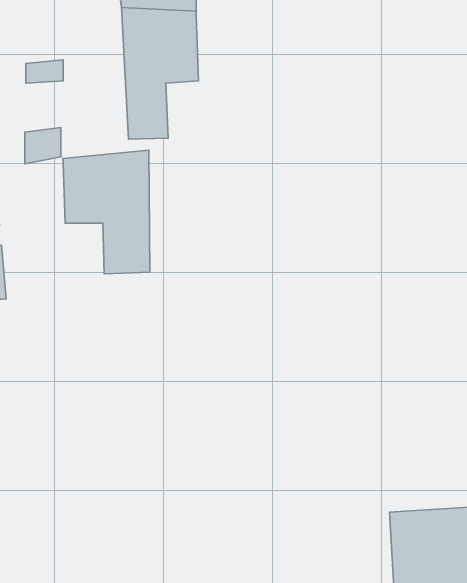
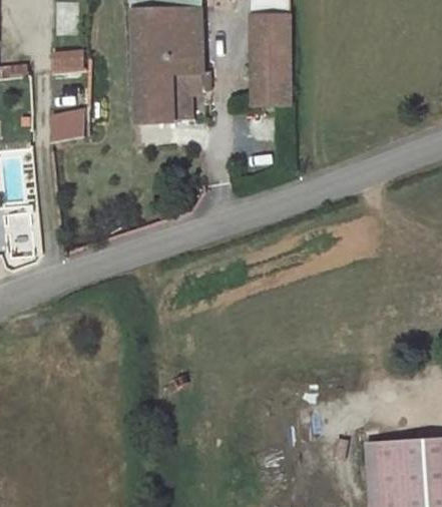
building: none -> [251,14,291,105]
building: none -> [172,70,207,120]
building: [63,150,150,274] -> none

